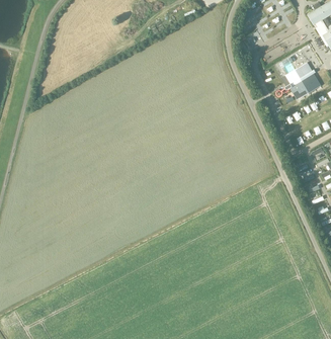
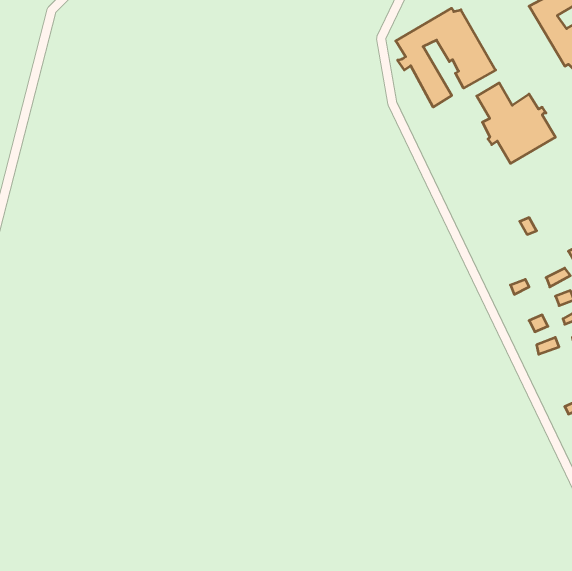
building: none -> [396,8,496,107]

